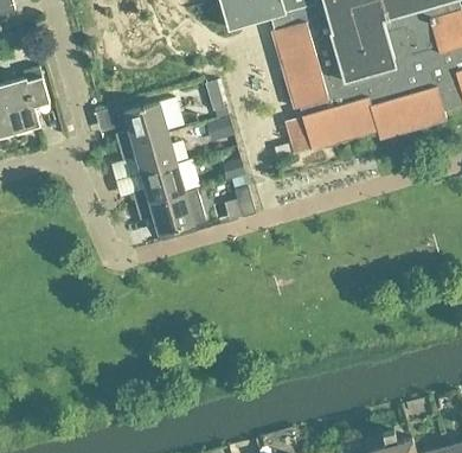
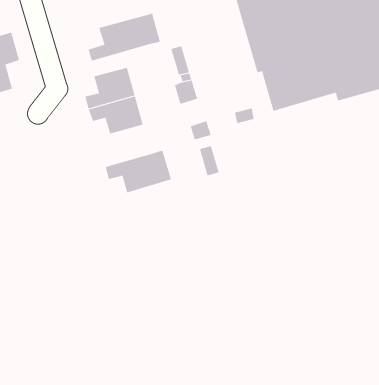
building: none -> [88,13,160,61]
building: [131,162,185,206] -> none

